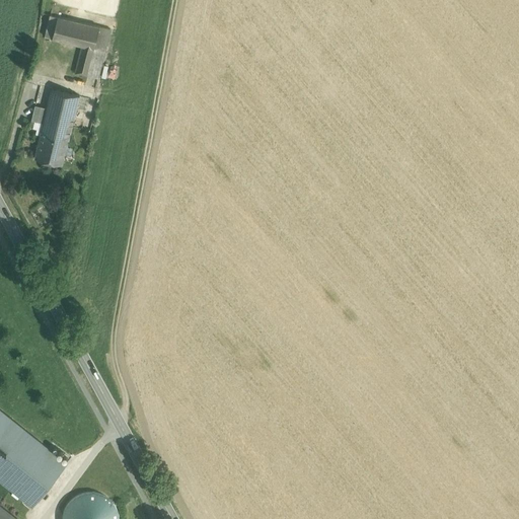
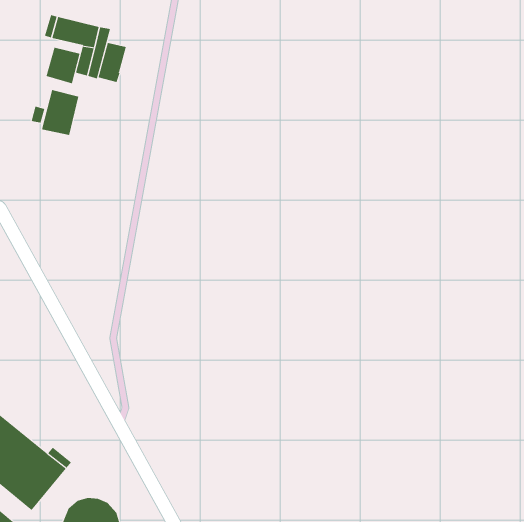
building: none -> [98,42,127,83]
building: none -> [46,47,80,84]
building: [33,131,69,166] -> none

